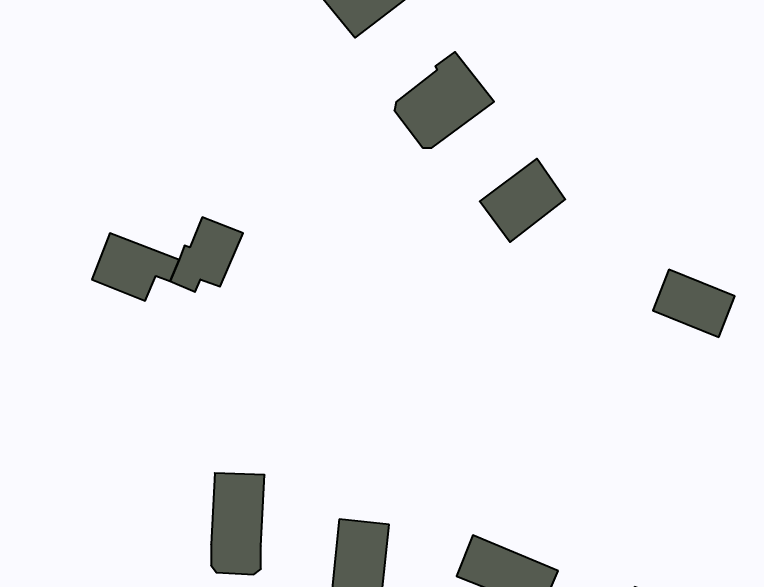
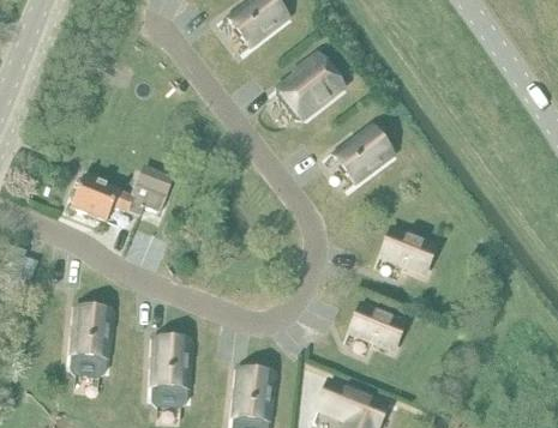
building: [653,270,735,337] -> [382,227,437,272]
building: none -> [350,302,402,346]
building: none -> [72,306,112,375]

